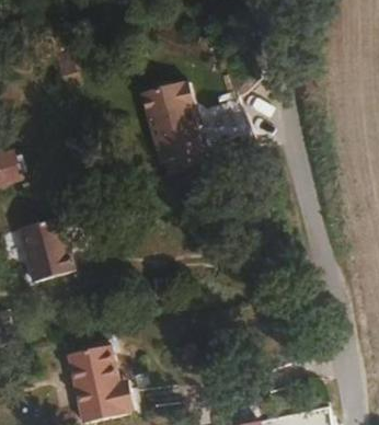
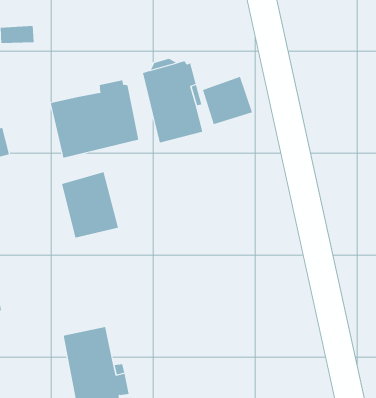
building: none -> [50,79,139,158]
building: [19,219,74,284] -> [61,171,119,238]

